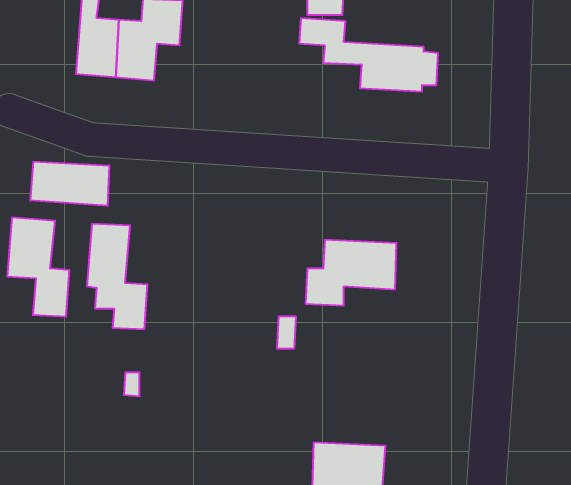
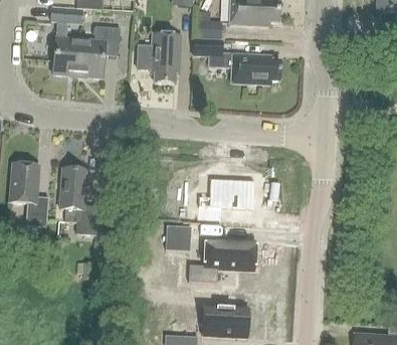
building: none -> [136,33,181,83]
building: [30,162,109,206] -> none
building: none -> [187,238,254,282]

